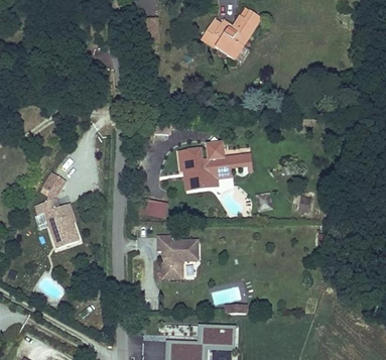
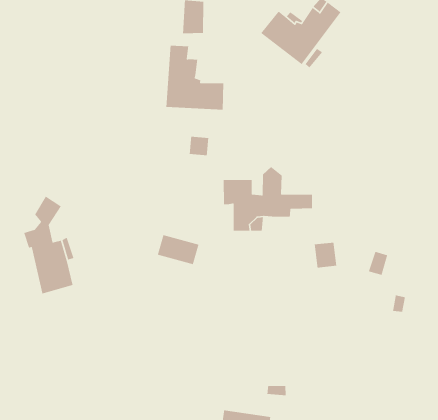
building: none -> [166,45,224,111]
building: [157,233,199,276] -> none

